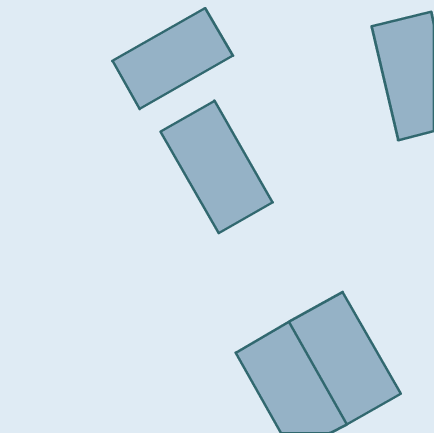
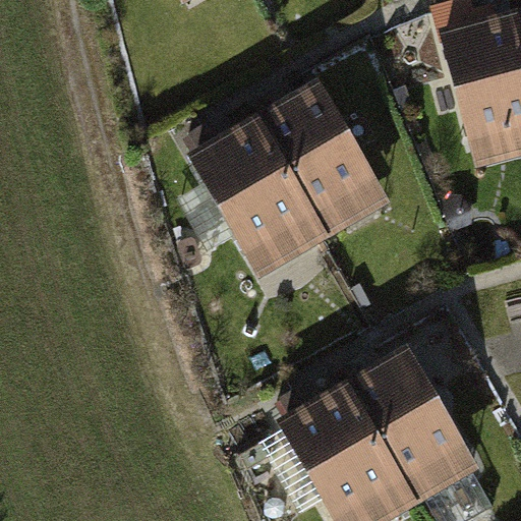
building: [112,8,233,109] -> none
building: none -> [255,83,388,241]

